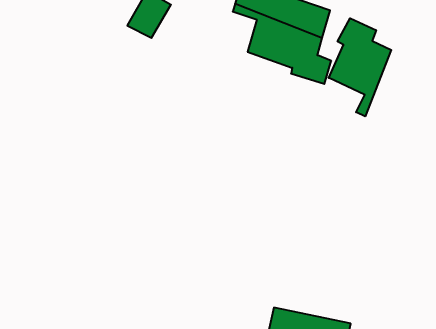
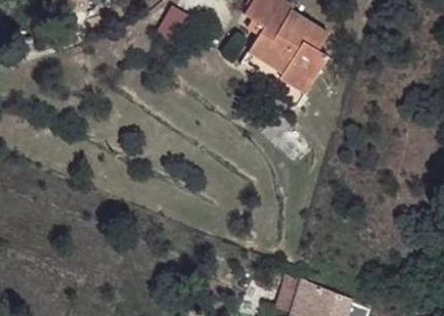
building: [329,18,391,116] -> none

